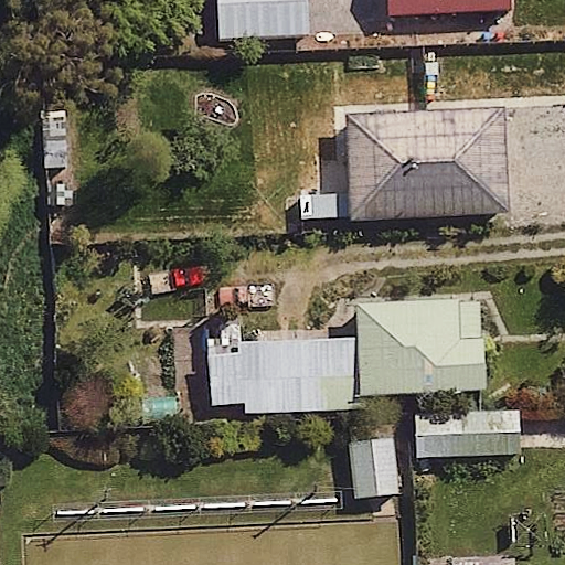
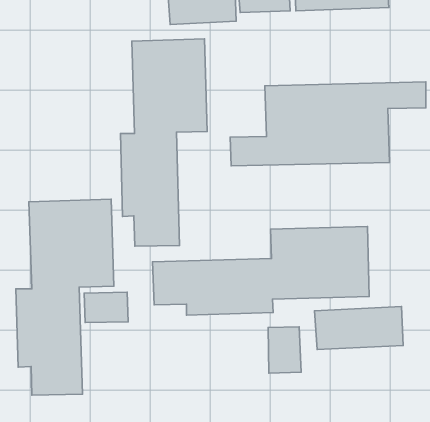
building: none -> [120,39,207,246]
building: none -> [16,199,114,395]

